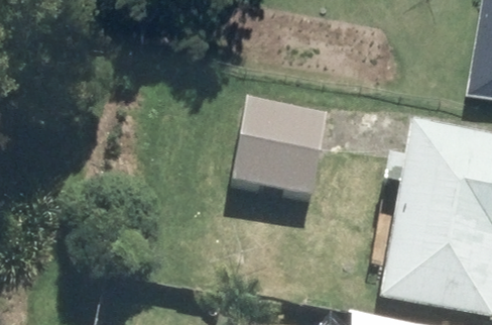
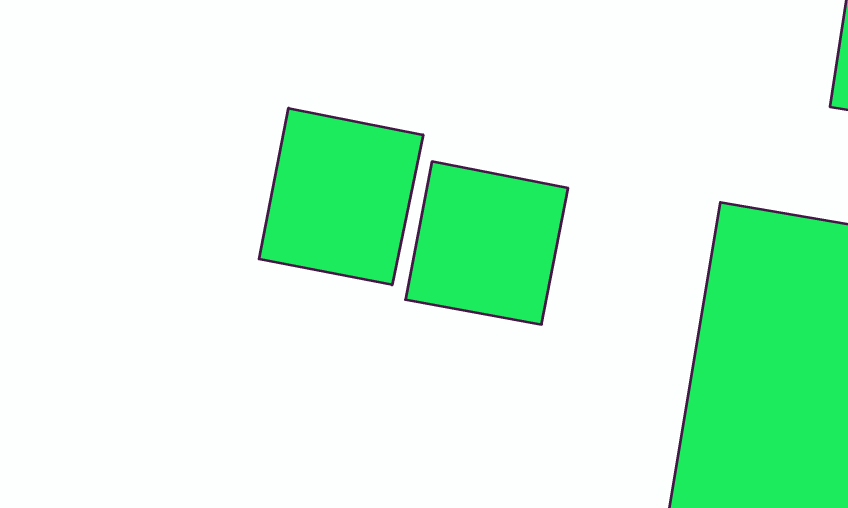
building: none -> [259,108,423,285]

